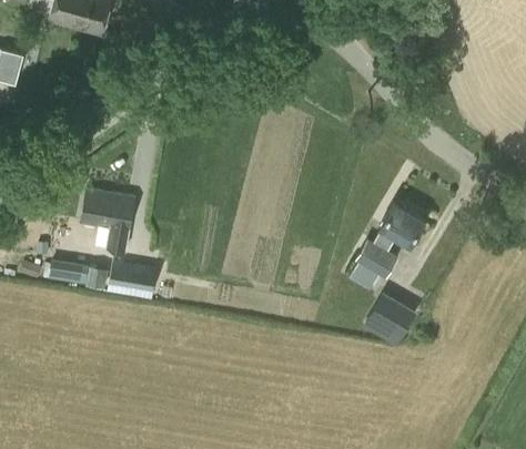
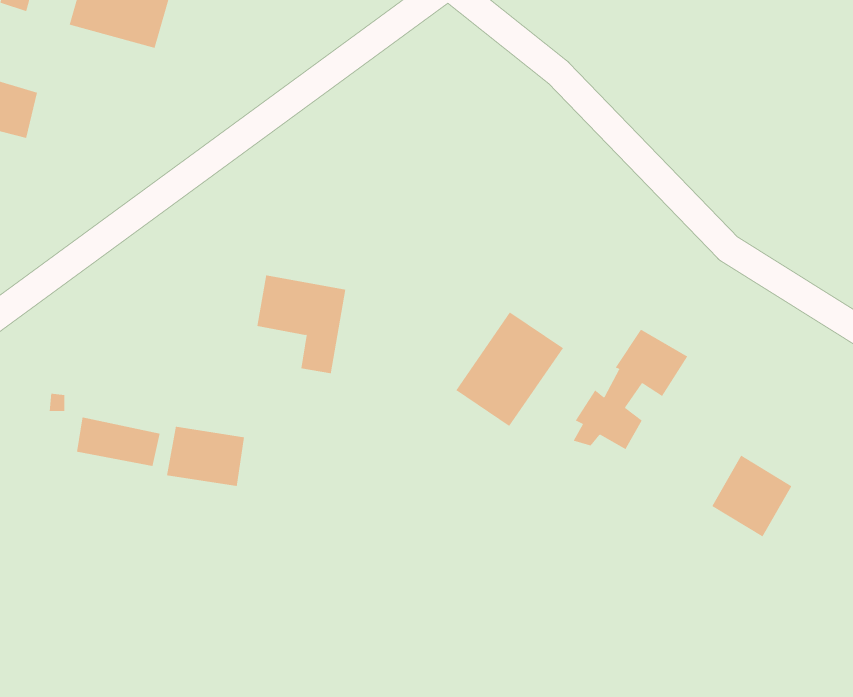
building: [80,191,134,251] -> [256,275,346,374]
building: none -> [455,311,564,427]
building: [365,294,414,344] -> [712,455,792,537]

